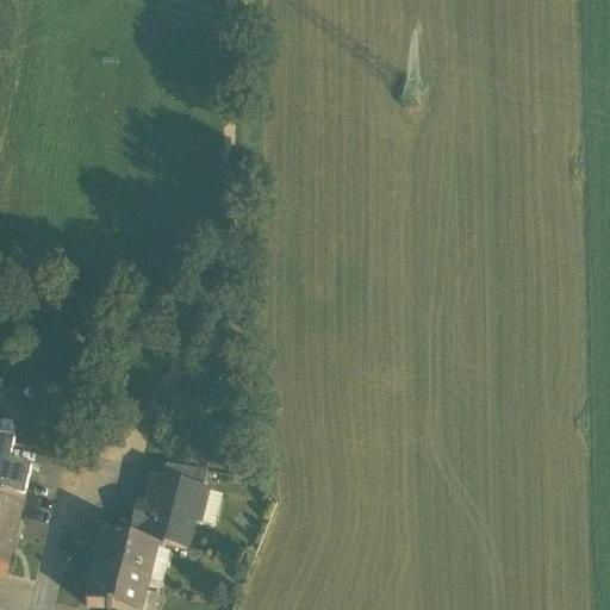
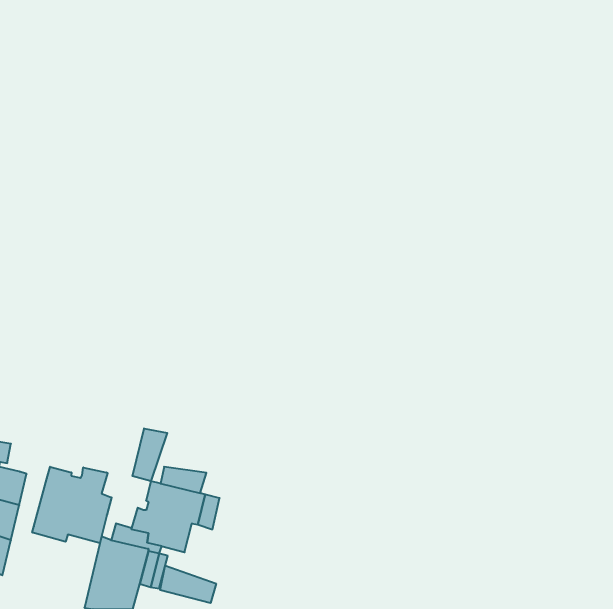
building: none -> [132,428,167,481]
building: none -> [32,467,112,543]
building: none -> [160,566,216,603]

